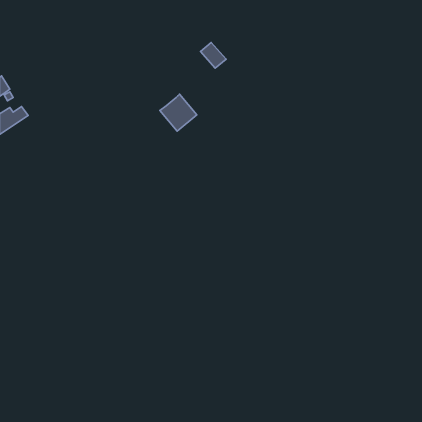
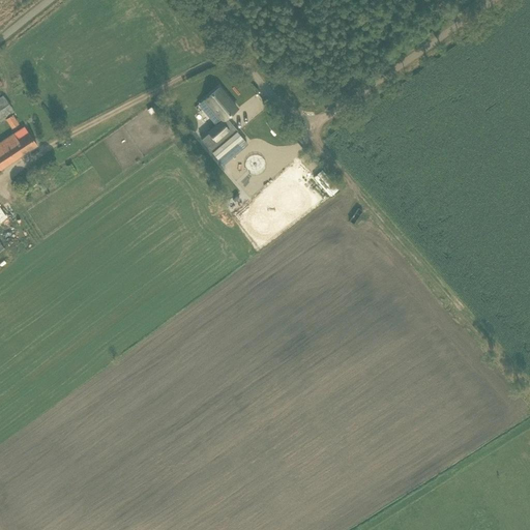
building: [200,43,226,68] -> [204,88,236,120]

